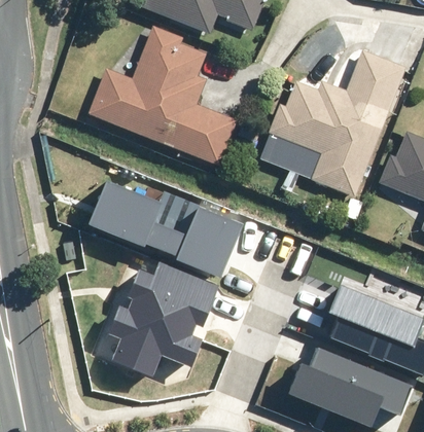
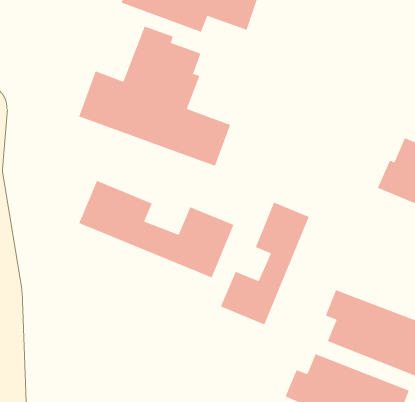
building: [268,53,408,201] -> none
building: none -> [220,202,310,326]
building: [106,258,217,373] -> none

